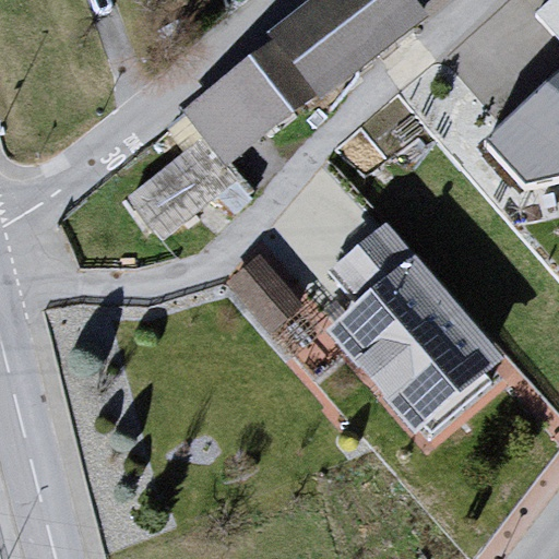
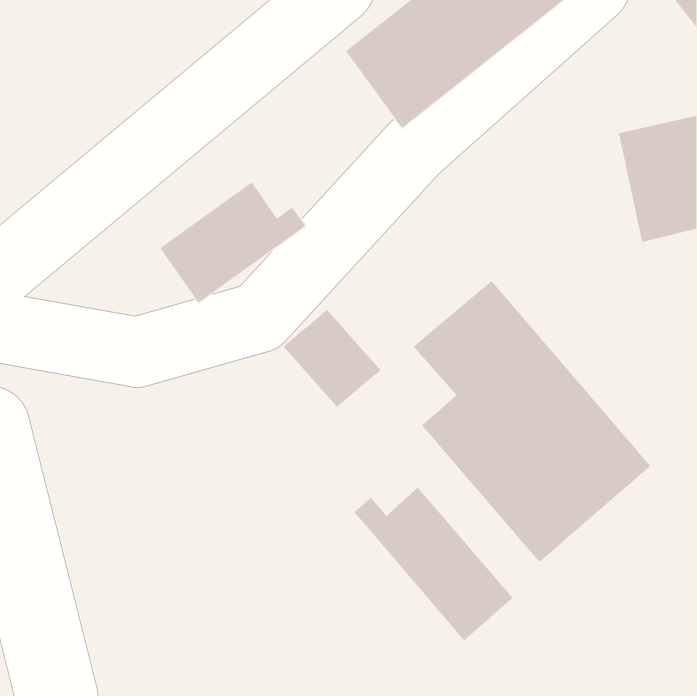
building: [174,40,317,171] -> none
building: none -> [353,487,513,641]

